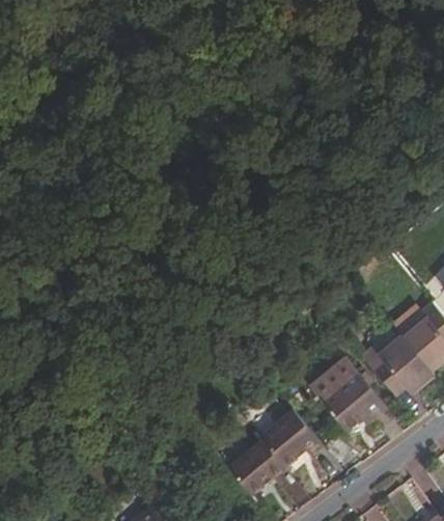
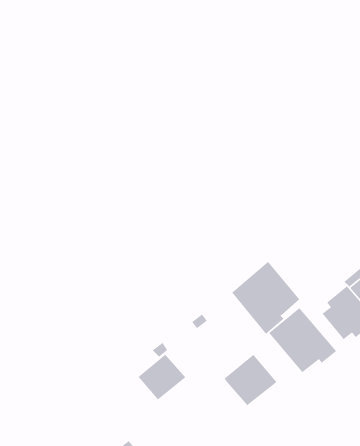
building: none -> [231,261,300,335]
building: [231,442,286,495] -> [137,354,186,401]

